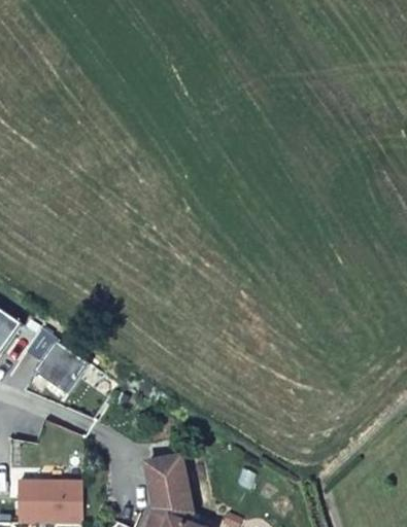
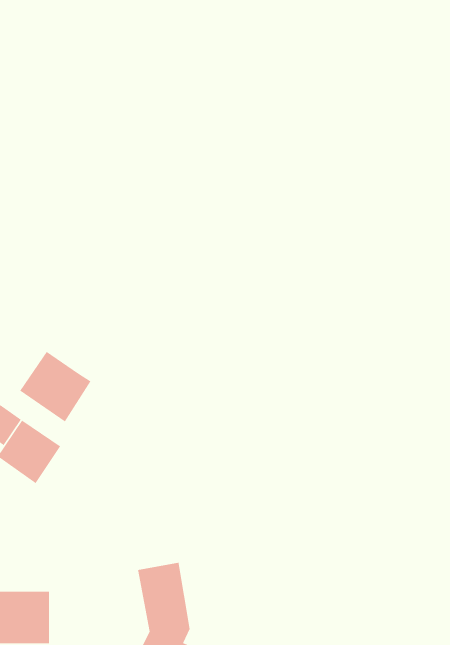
building: none -> [19,351,92,422]

